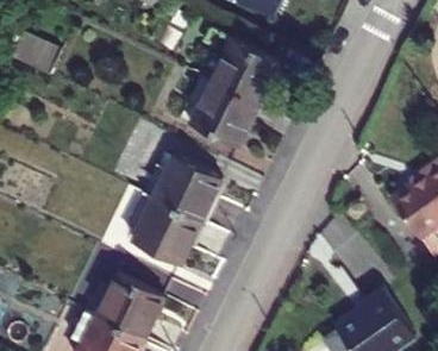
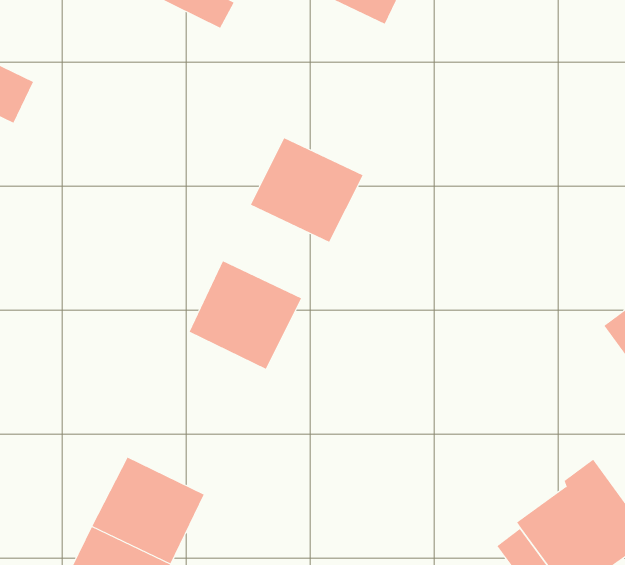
building: [205,40,274,107] -> none
building: [126,201,194,267] -> none

